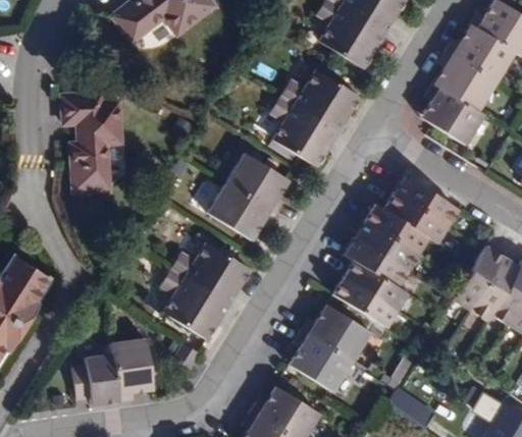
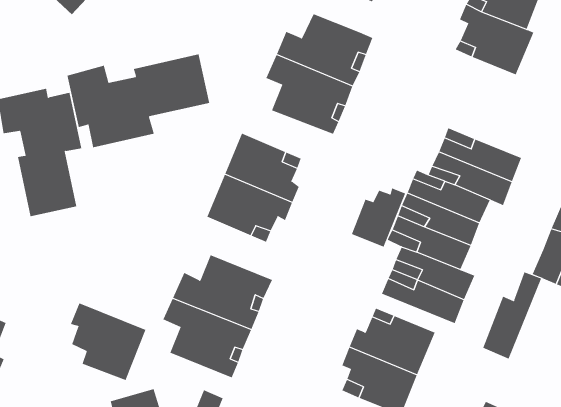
building: none -> [67,53,210,148]
building: none -> [351,188,406,247]
building: none -> [70,303,146,381]
building: none -> [483,271,542,359]

